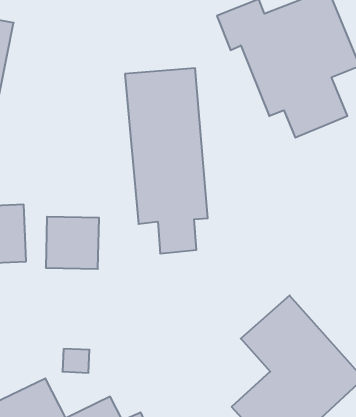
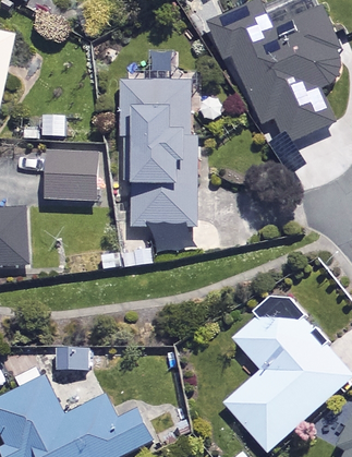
building: [46,217,99,269] -> [45,151,96,201]

